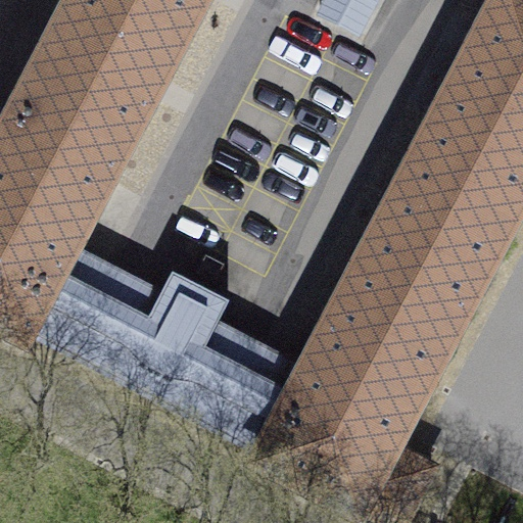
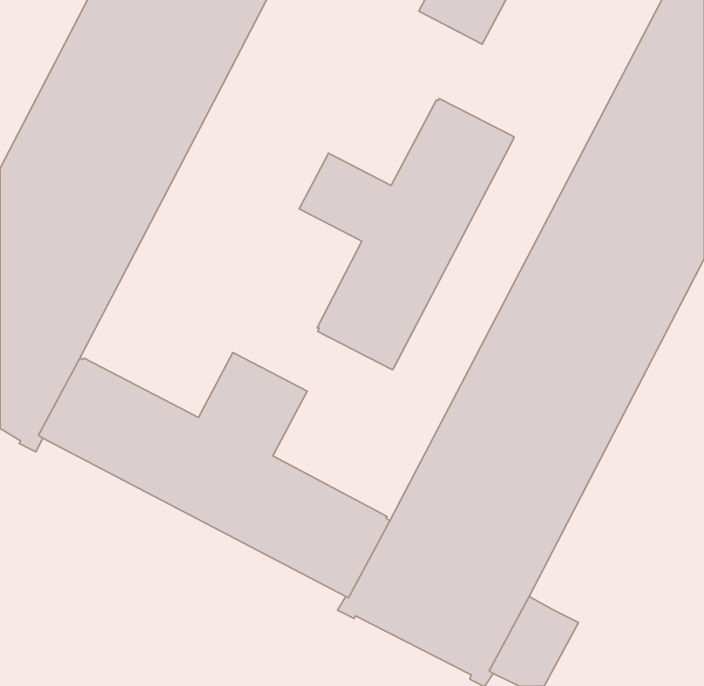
building: none -> [299,98,514,370]

